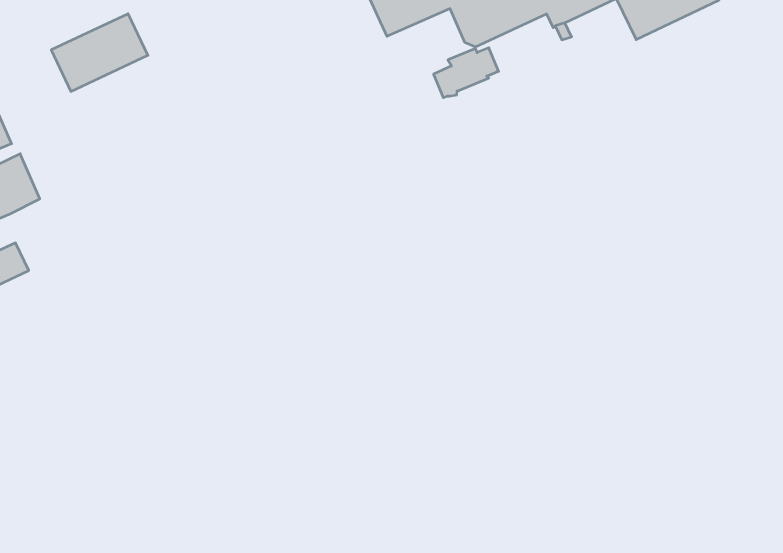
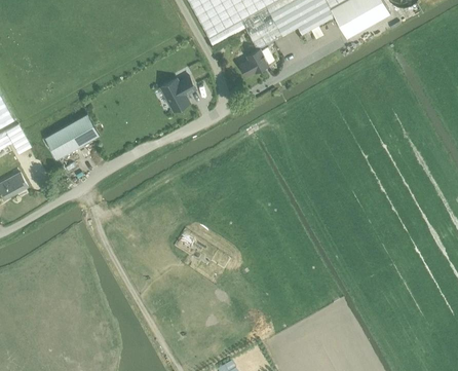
building: [51,14,148,91] -> [44,113,97,157]
building: none -> [160,75,195,110]

